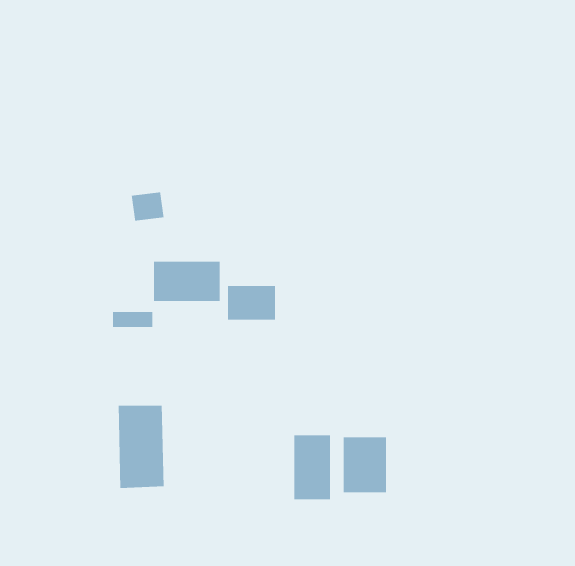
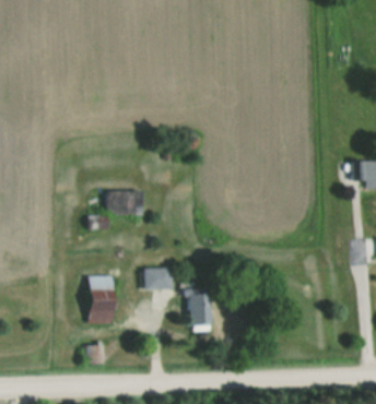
building: [227,285,276,321] -> [145,268,174,288]
building: [343,437,387,493] -> none

